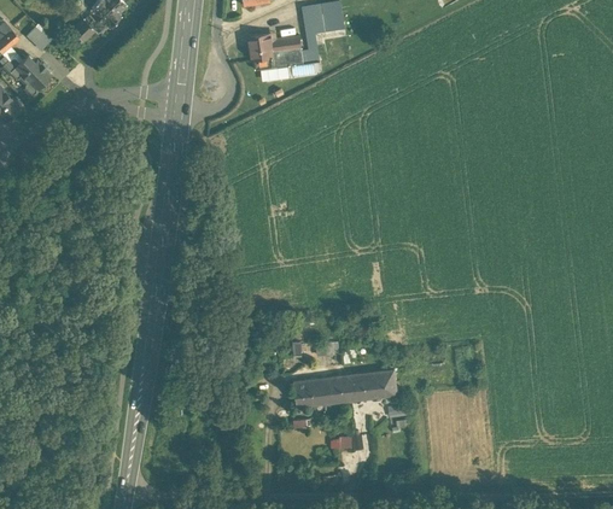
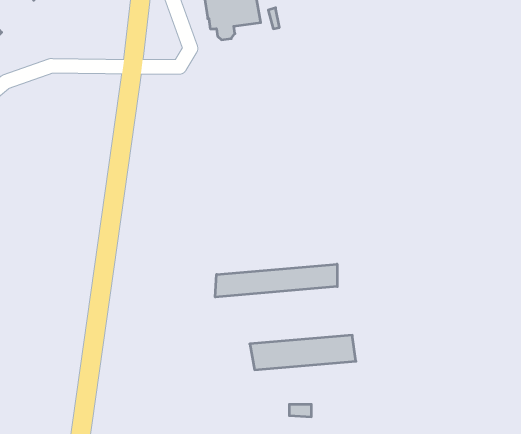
building: none -> [215,264,337,297]

